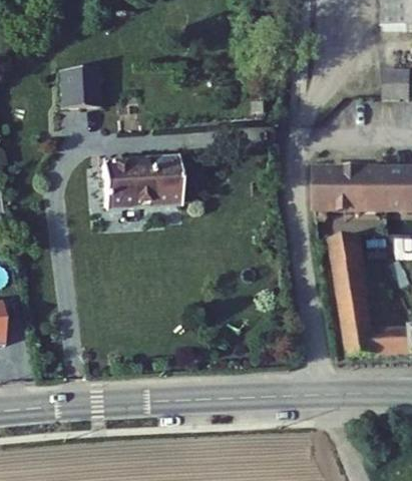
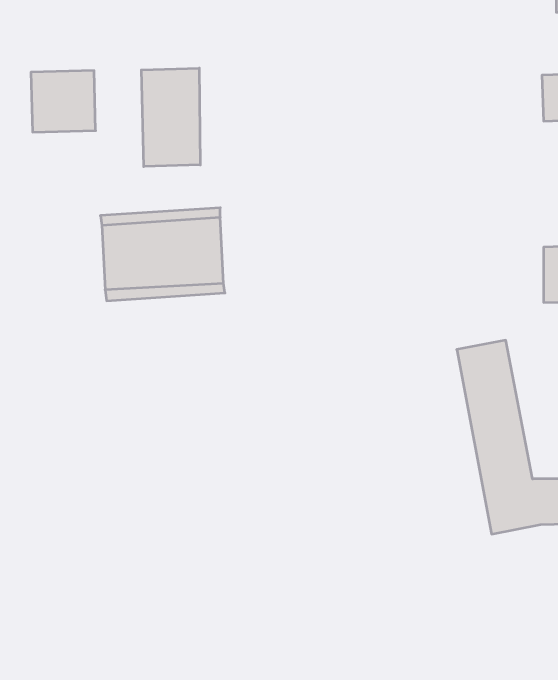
building: none -> [141,68,200,167]
building: [315,175,384,210] -> none

